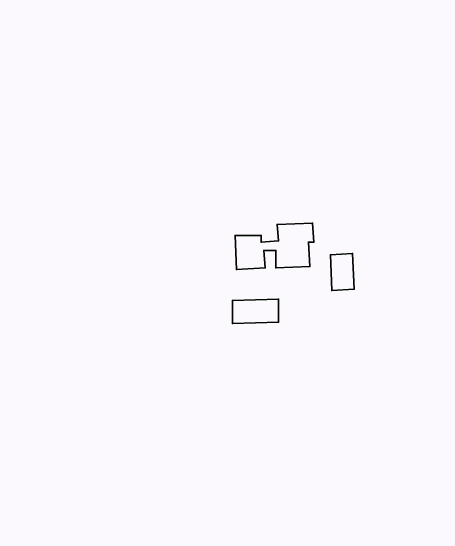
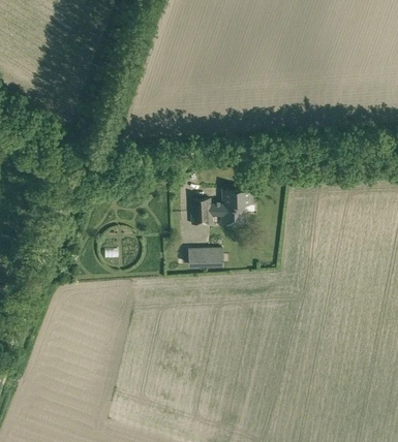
building: [331,253,354,291] -> none

